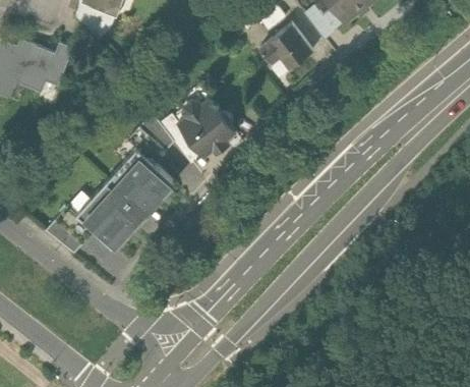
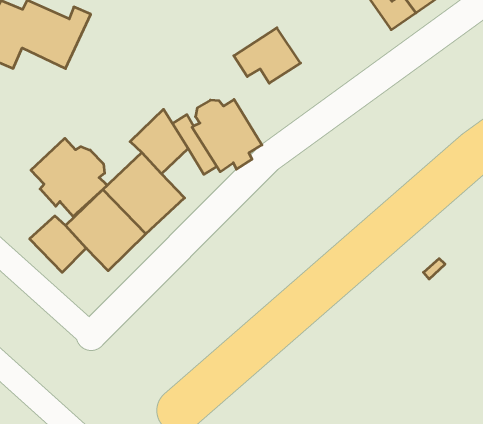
building: [268,18,322,64] -> [234,28,301,83]
building: none -> [31,138,107,216]

